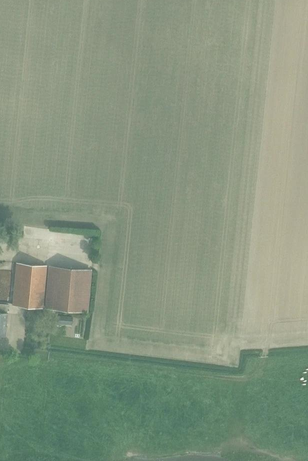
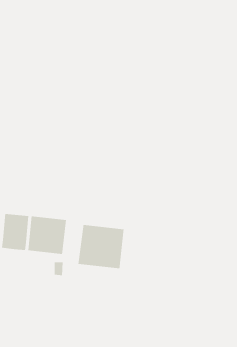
building: none -> [78,224,124,269]

